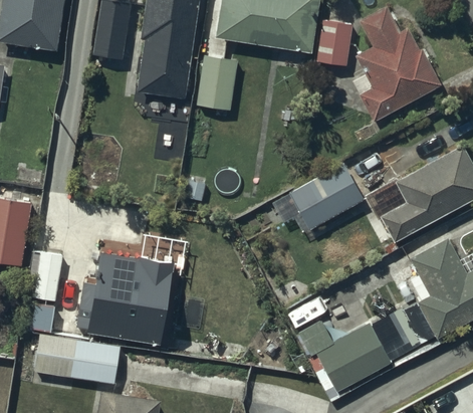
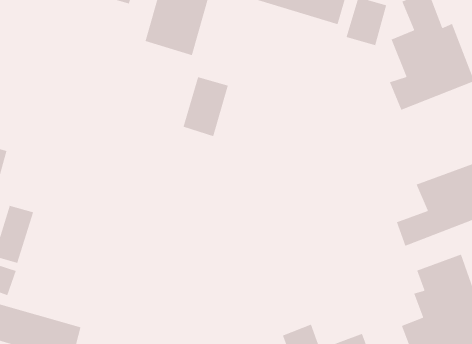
building: [199,56,235,109] -> [182,76,229,137]
building: [292,167,362,228] -> none
building: [79,253,172,343] -> none

